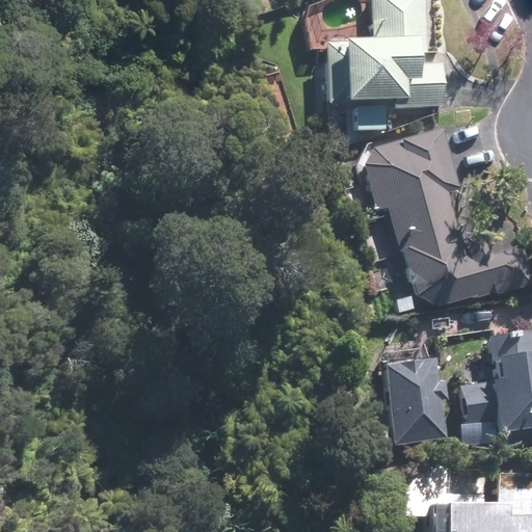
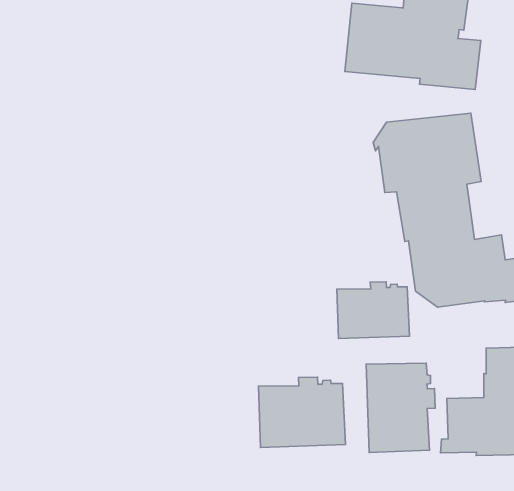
building: none -> [337,282,410,339]
building: none -> [259,377,345,447]

